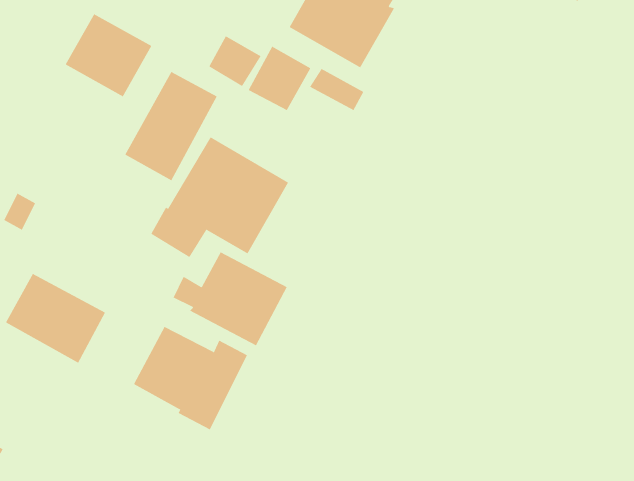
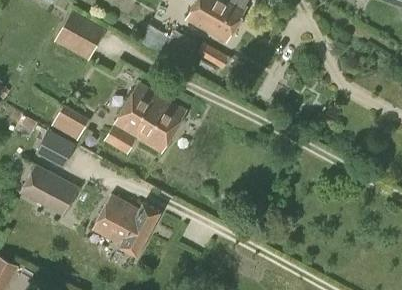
building: [124,71,217,181] -> none
building: none -> [51,105,89,141]
building: none -> [41,135,77,166]
building: [173,252,287,346] -> none

